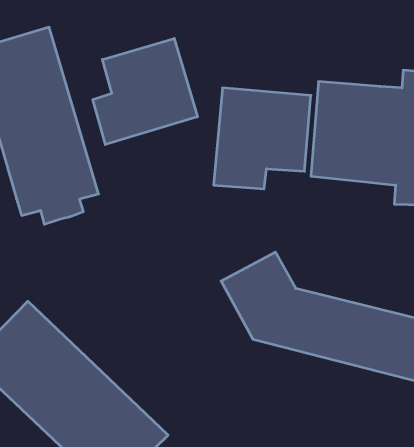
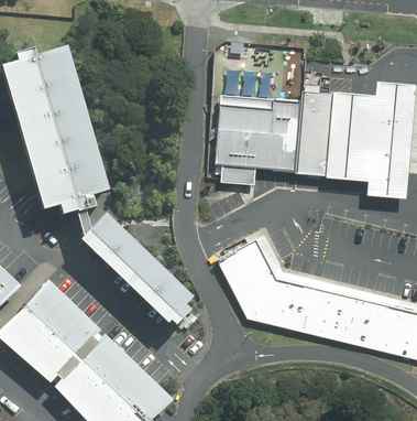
building: [93,38,197,145] -> none
building: none -> [85,212,195,323]

